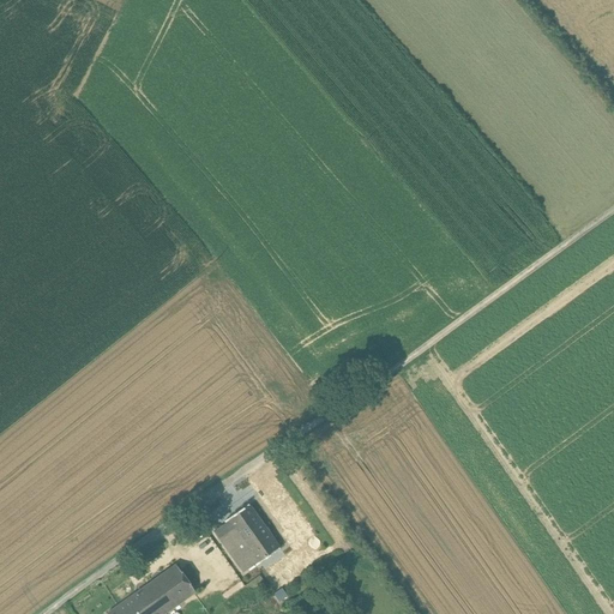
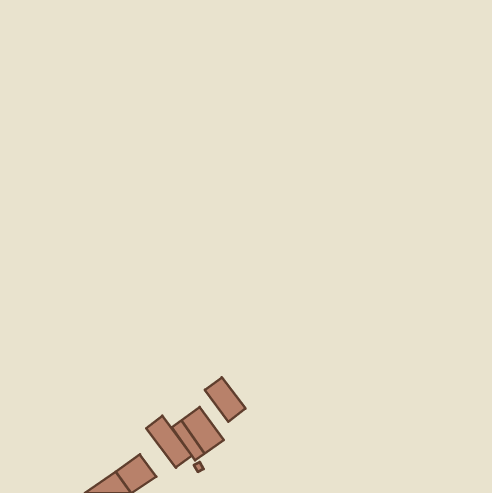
building: none -> [205,377,245,422]
building: none -> [146,416,192,468]

